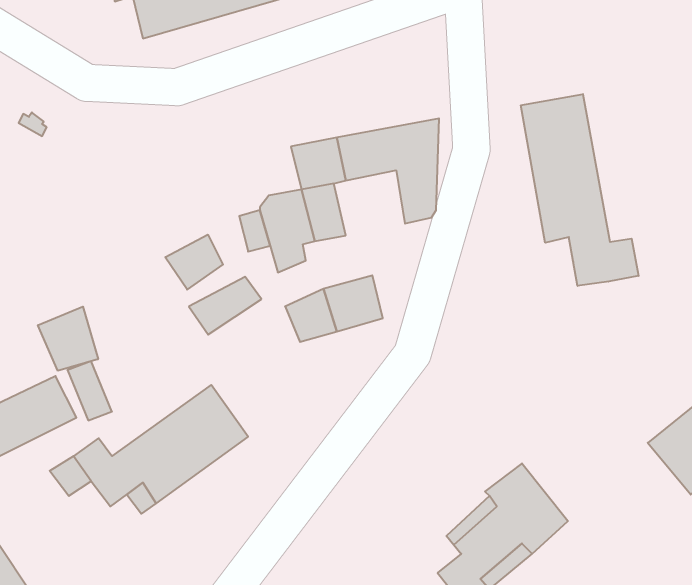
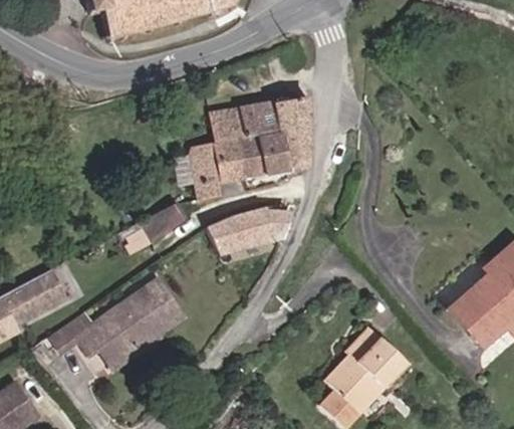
building: [521,94,639,286] -> none
building: none -> [240,131,288,175]
building: [165,235,223,290] -> none
building: [38,307,98,371] -> none

